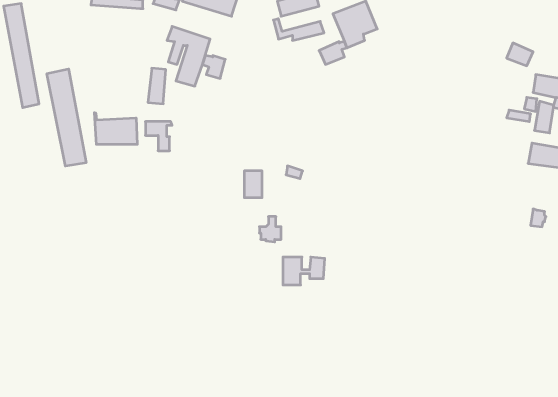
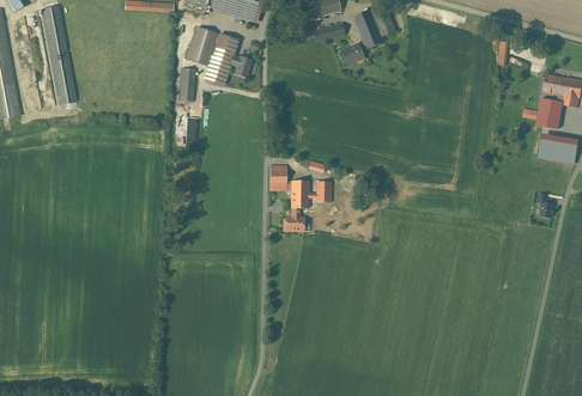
building: [47,69,86,166] -> none
building: [94,113,137,144] -> none
building: [283,257,325,285] -> [291,181,331,207]

